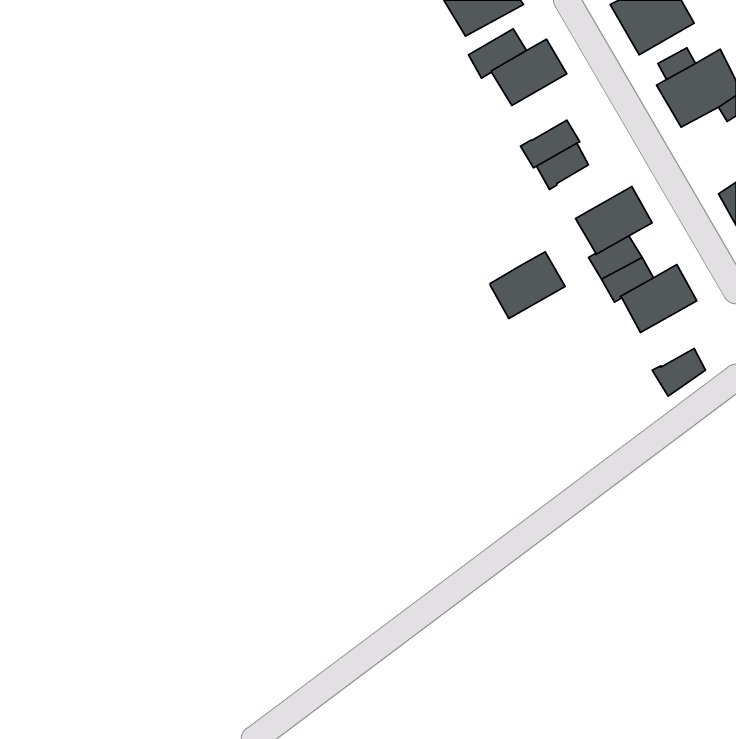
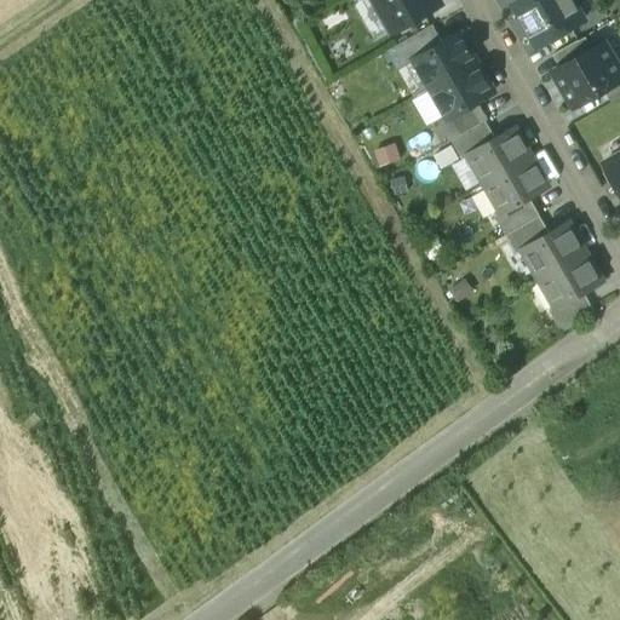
building: none -> [429,62,492,117]
building: [490,252,565,318] -> [466,127,529,183]
building: none -> [536,252,601,308]

